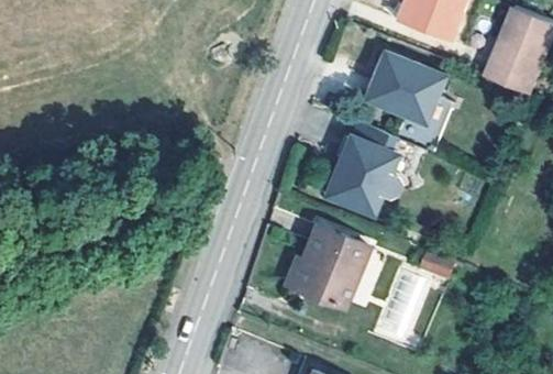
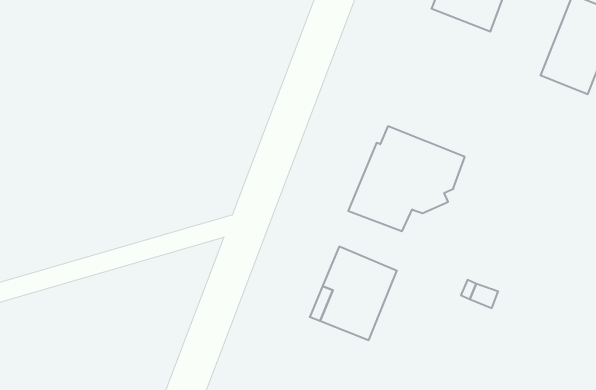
building: [363,52,442,121] -> none

